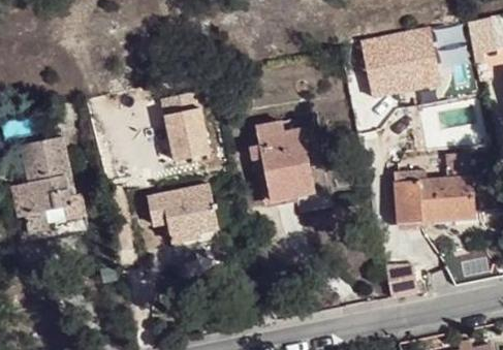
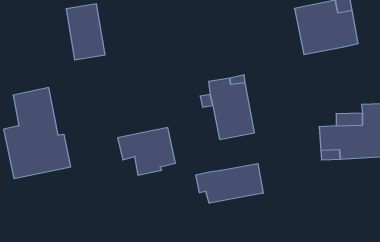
building: [163,90,211,158] -> [66,4,105,60]
building: none -> [196,164,263,203]

